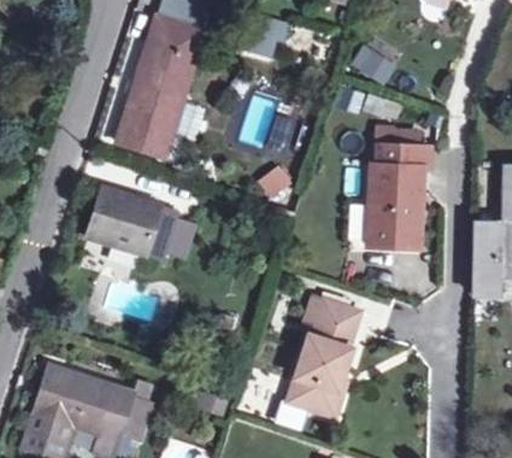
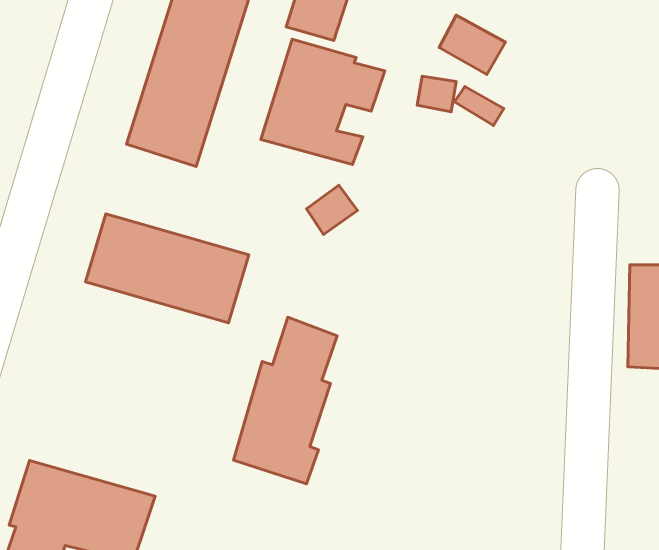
building: none -> [261,39,385,165]
building: [366,145,431,248] -> none
building: [286,298,359,416] -> [233,317,337,484]

